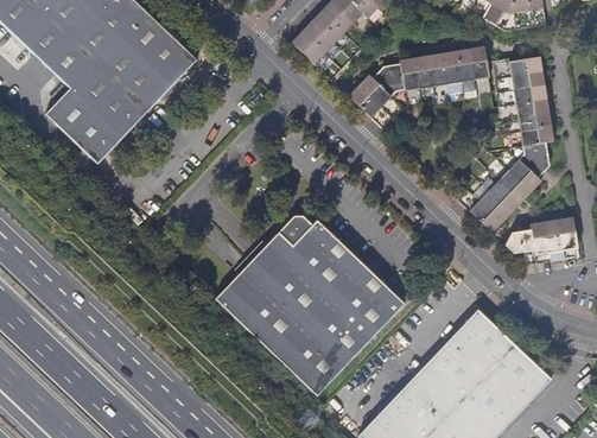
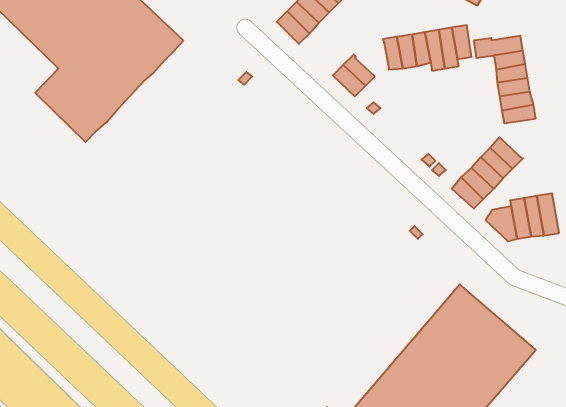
building: [370,62,405,96] -> none
building: [517,140,550,177] -> none
building: [215,217,404,394] -> none

